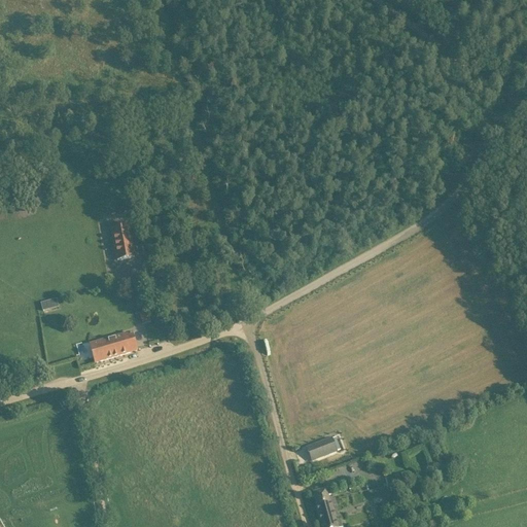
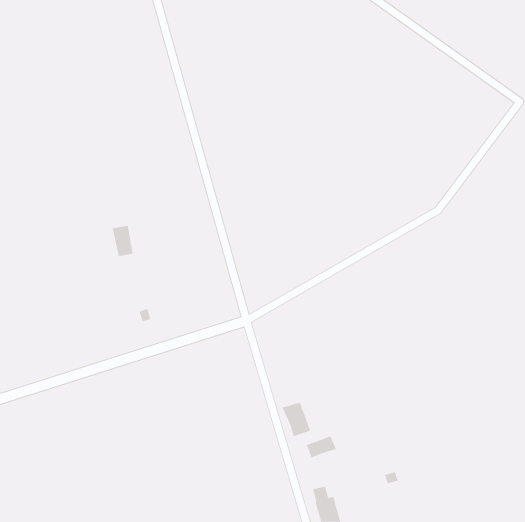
building: [90,330,137,360] -> none
building: none -> [282,402,311,437]

